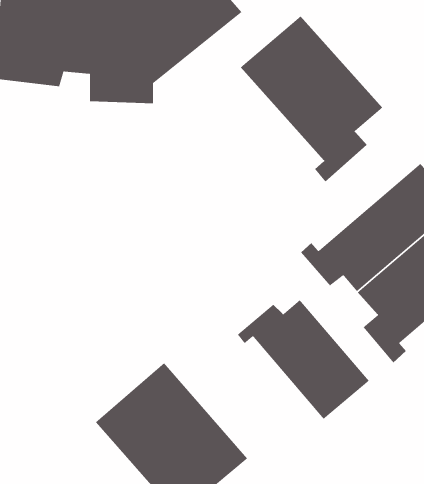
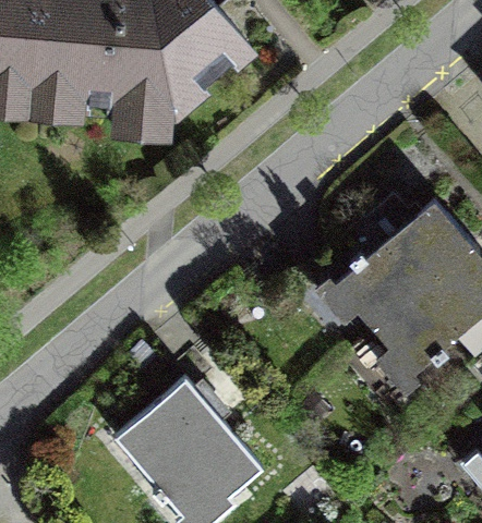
building: [240,16,383,182] -> none
building: [237,299,370,420] -> none

